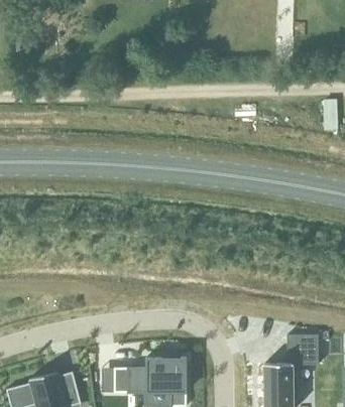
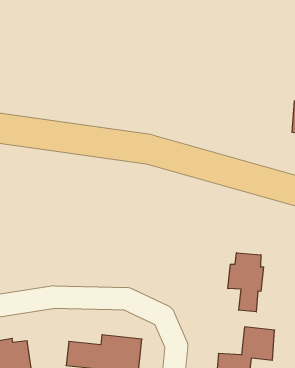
building: none -> [228,253,264,312]

